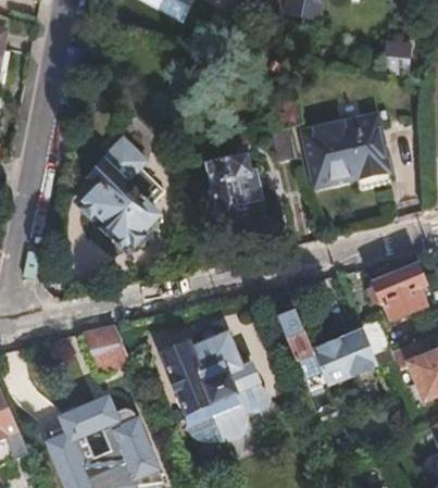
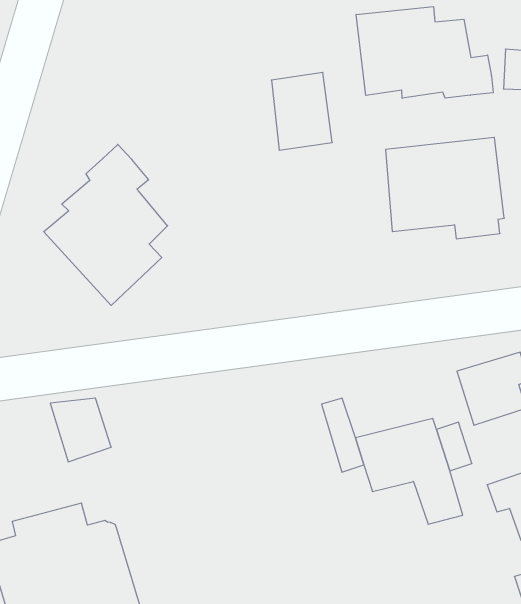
building: none -> [356,7,493,98]
building: [211,162,258,220] -> [271,72,332,150]
building: [162,329,274,440] -> none

